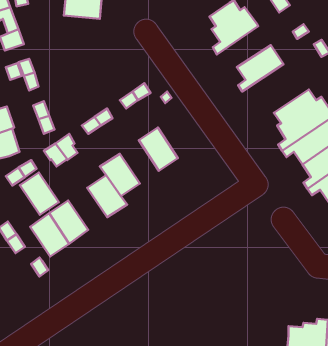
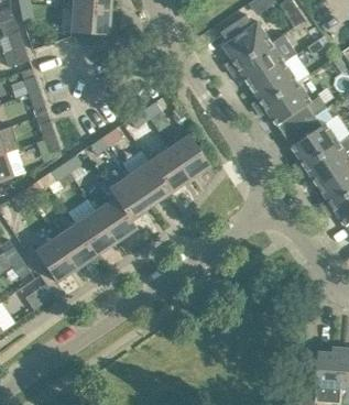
building: none -> [229,34,296,85]
building: none -> [255,81,326,132]
building: none -> [167,134,208,179]
building: none -> [128,161,168,206]
building: [20,172,59,215] -> [74,210,114,254]

